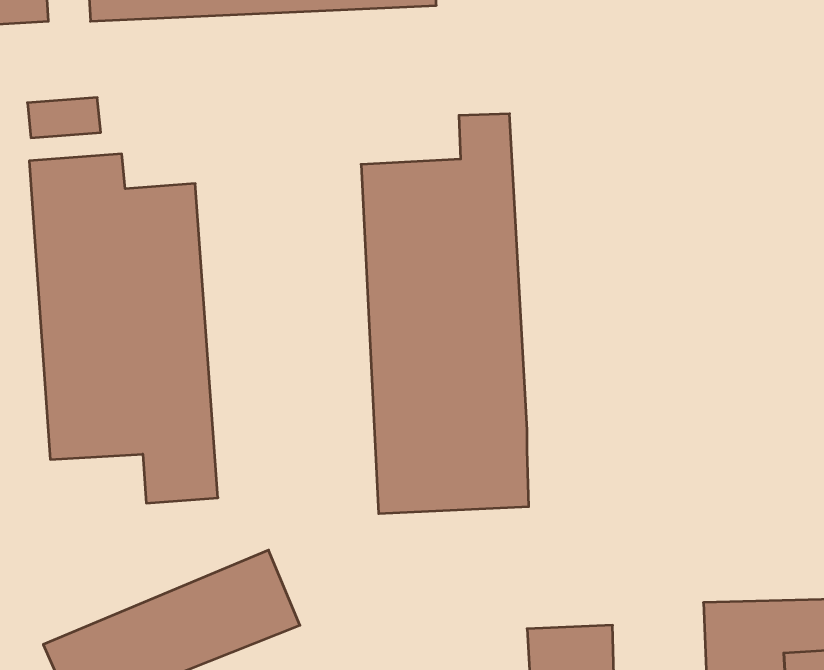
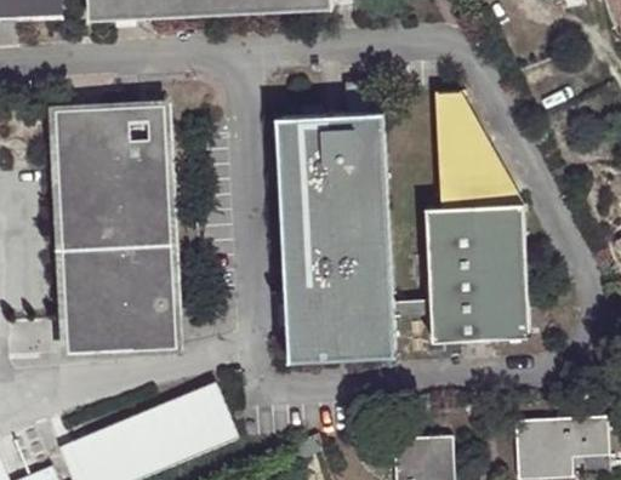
building: [27,98,101,138] -> [112,108,163,136]
building: none -> [426,92,529,342]
building: none -> [62,320,129,359]

